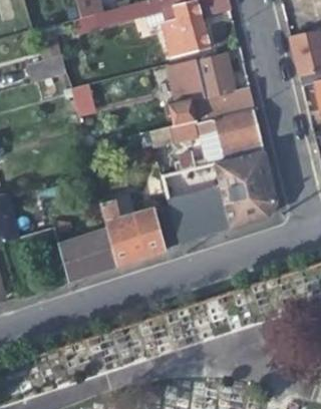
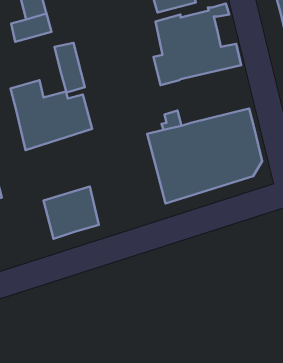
building: [138,110,264,164] -> none
building: [99,196,181,266] -> [10,80,92,150]

